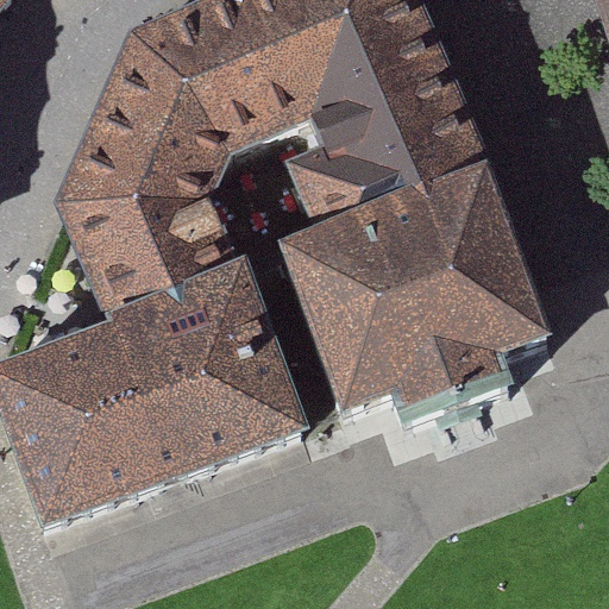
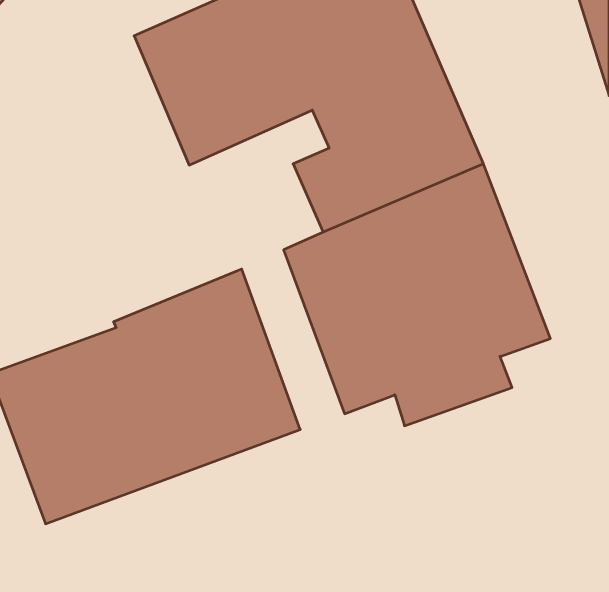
building: [61,36,234,320] -> none

